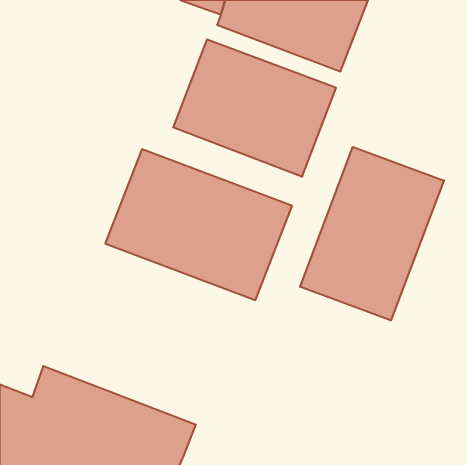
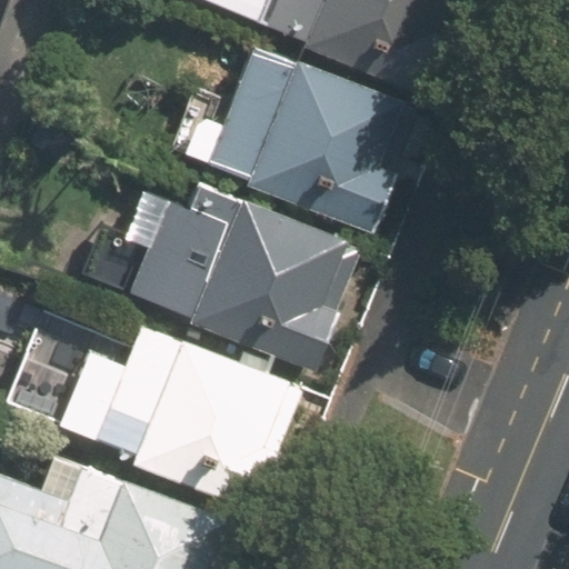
building: [300,147,444,320] -> none
building: none -> [9,322,299,497]

